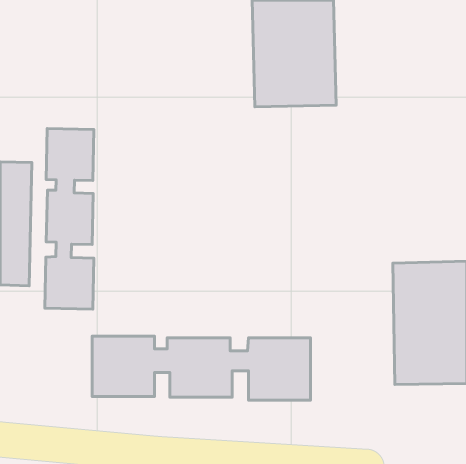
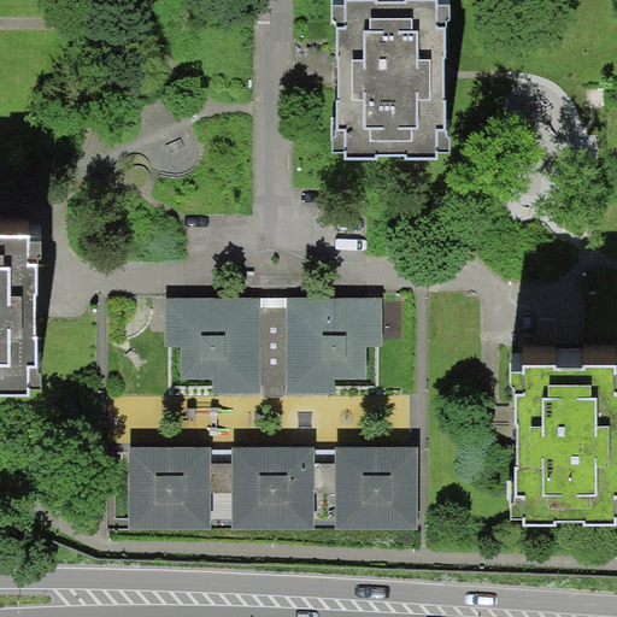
building: [45,128,94,309] -> none
building: none -> [160,296,380,400]

